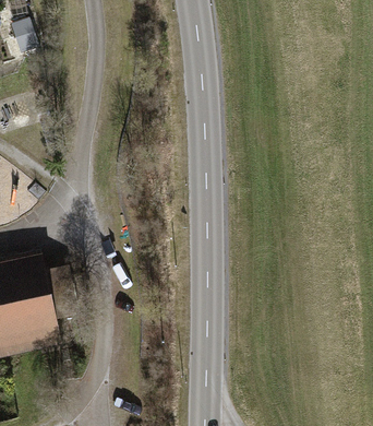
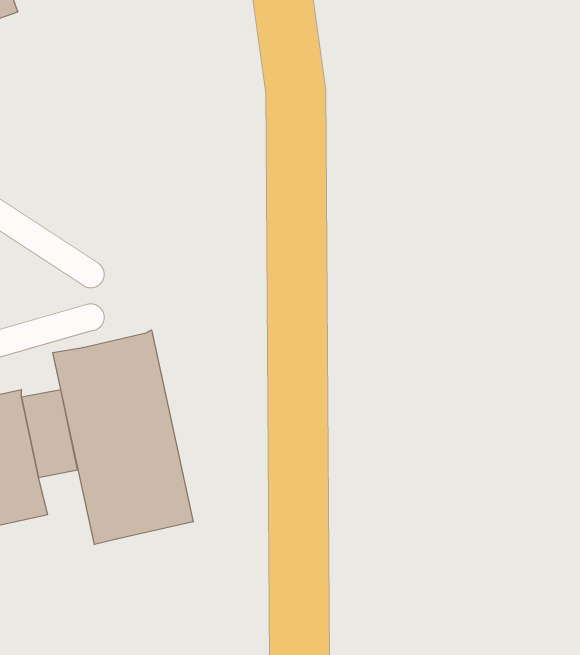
building: none -> [53,330,193,545]

